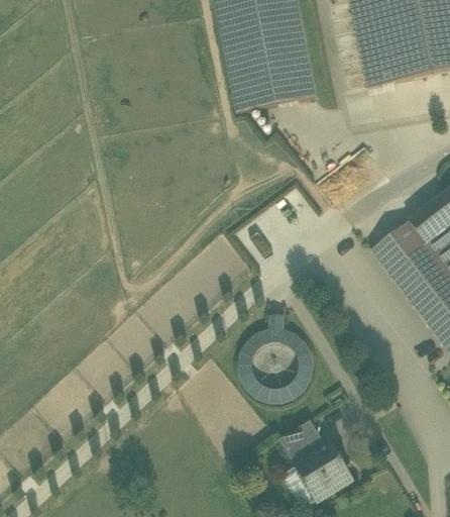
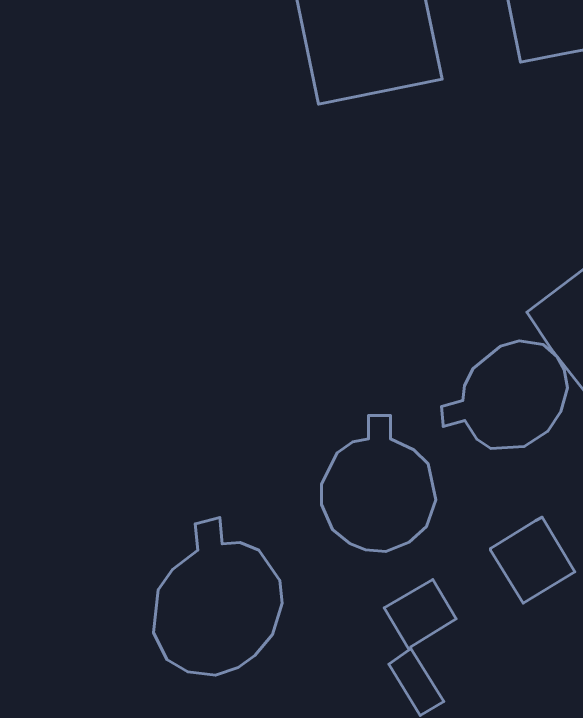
building: none -> [441,341,567,448]
building: none -> [153,517,282,675]
building: [297,443,351,499] -> [490,517,575,603]

